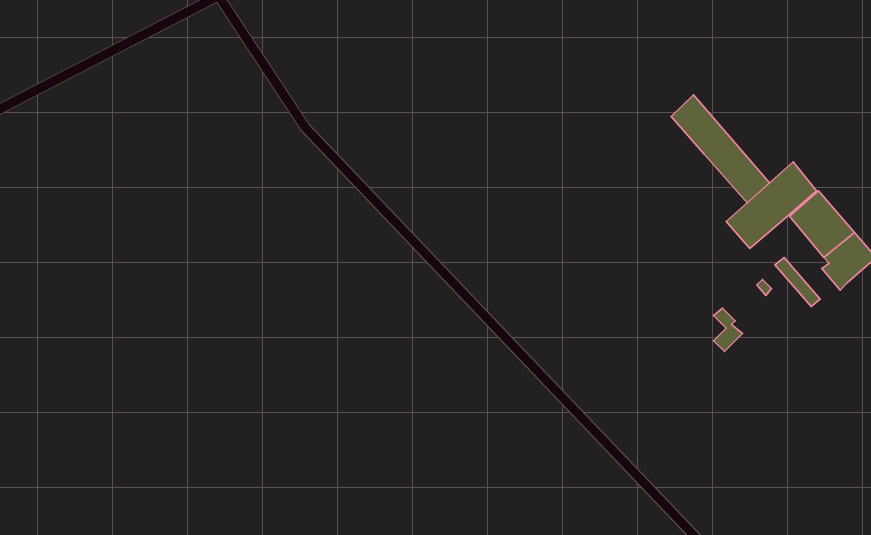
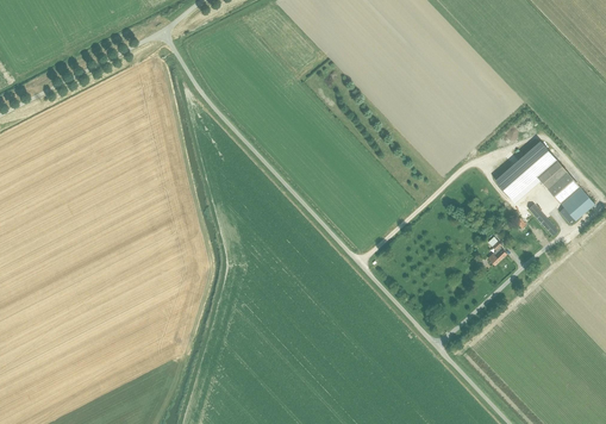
building: [671,95,770,203] -> none

